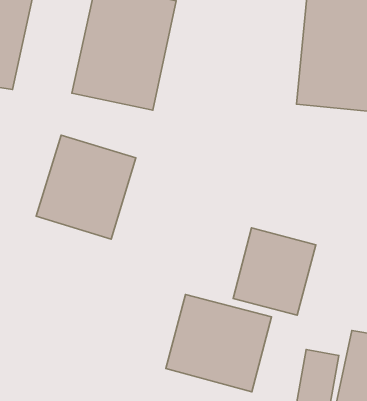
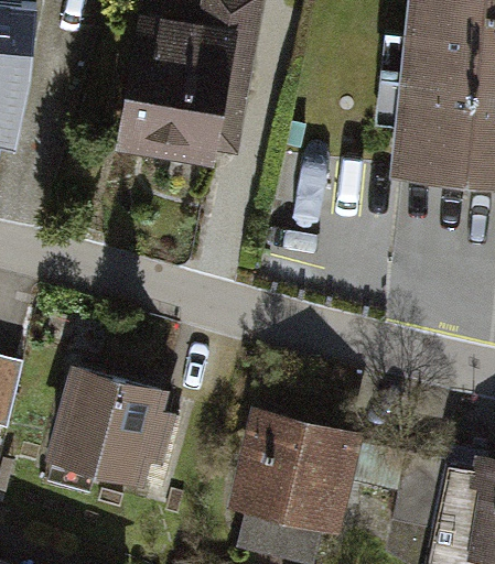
building: [36,135,136,239] -> none
building: [233,228,316,315] -> none
building: none -> [46,368,174,489]

